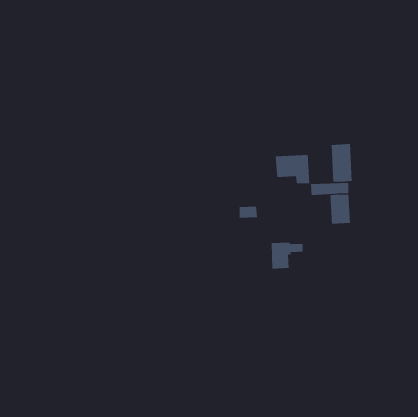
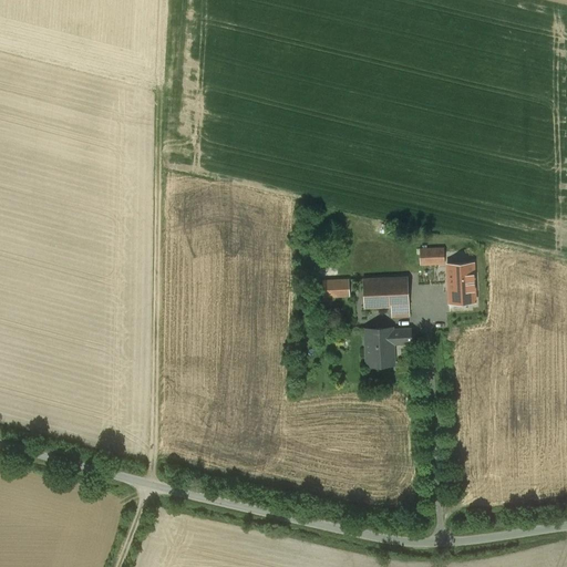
building: [331,143,352,183] -> none
building: [275,155,310,184] -> [362,277,410,317]

